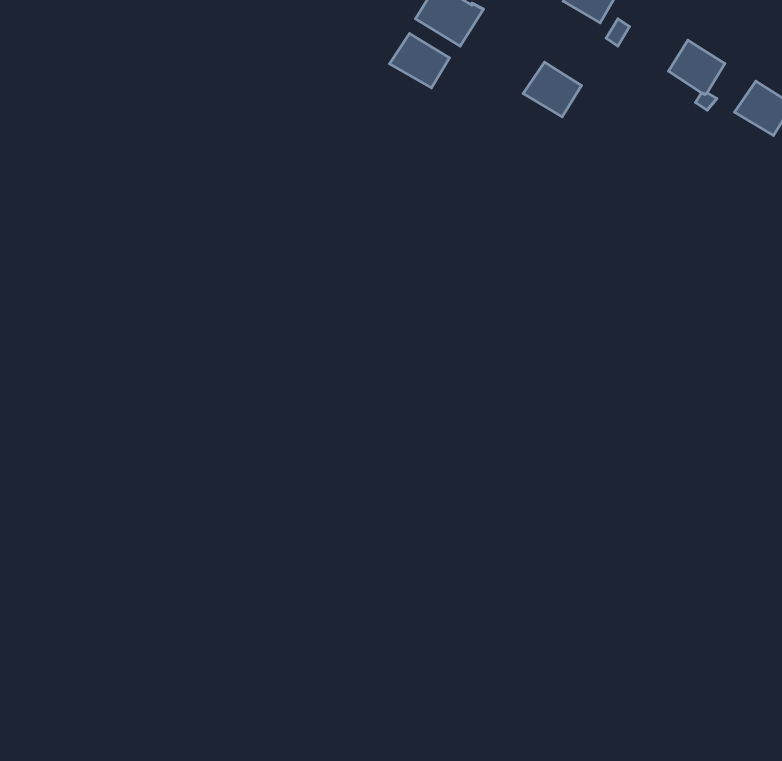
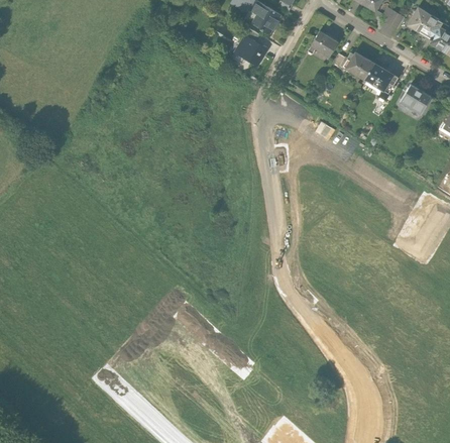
building: [390,33,450,88] -> none
building: [523,62,582,117] -> [345,52,375,81]

